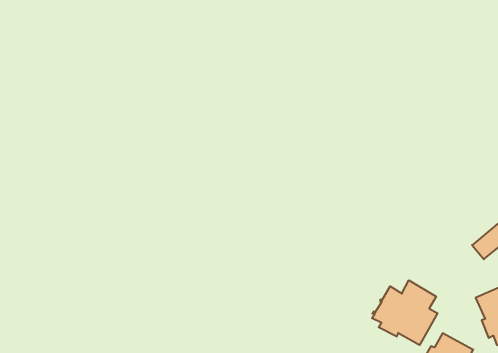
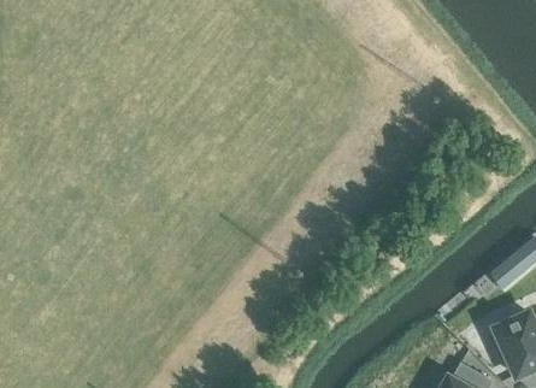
building: [372,280,437,345] -> none

